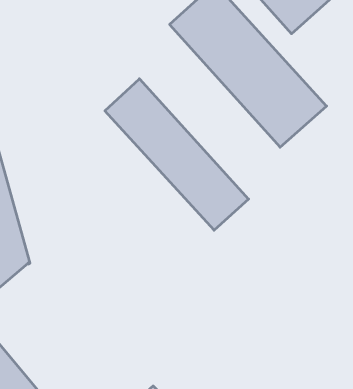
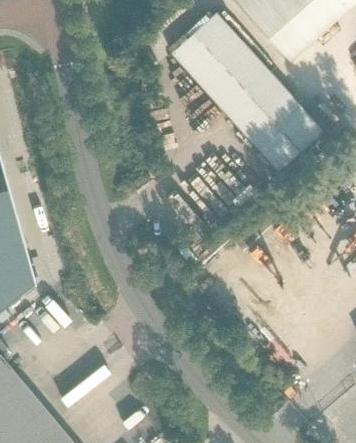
building: [105,79,249,230] -> none

